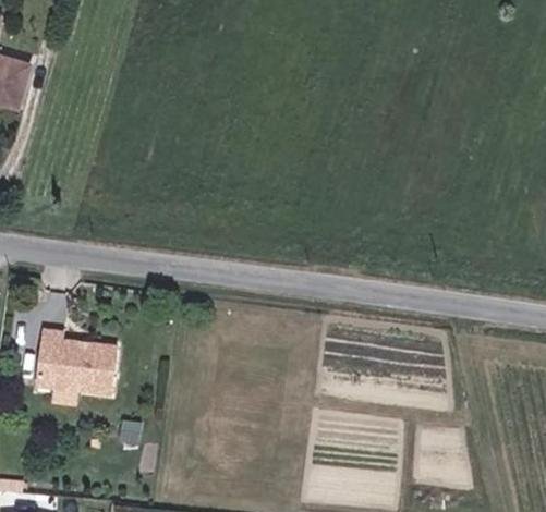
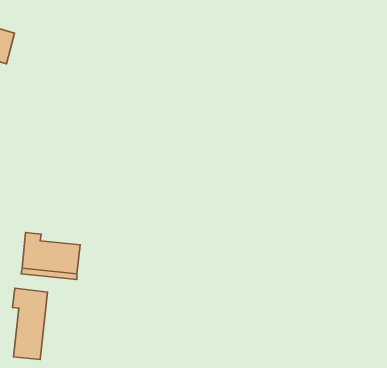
building: none -> [13,288,47,359]

